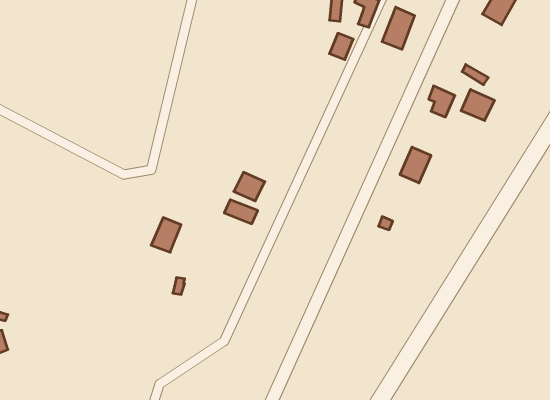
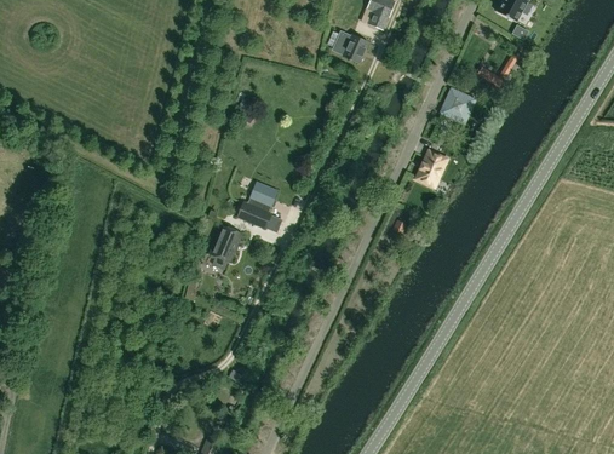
building: [382,7,415,49] -> none
building: [461,89,494,121] -> none
building: [151,218,181,252] -> [211,226,241,262]

